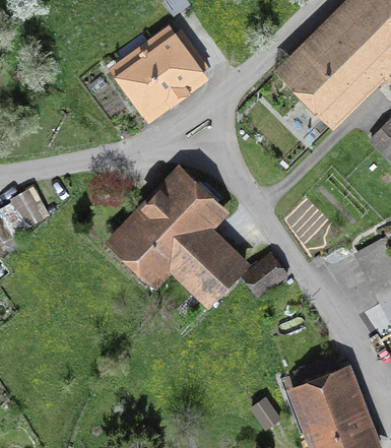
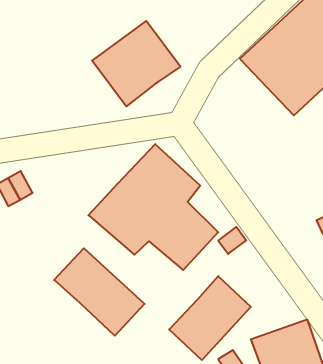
building: none -> [54,248,145,336]
building: none -> [169,276,251,360]

